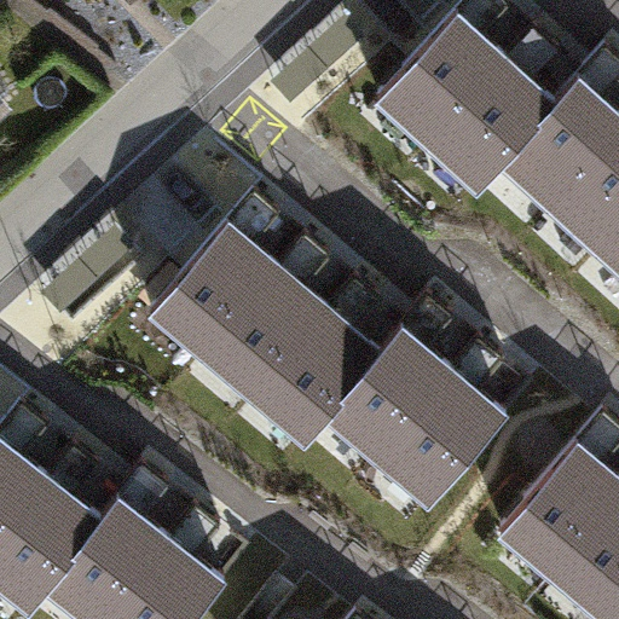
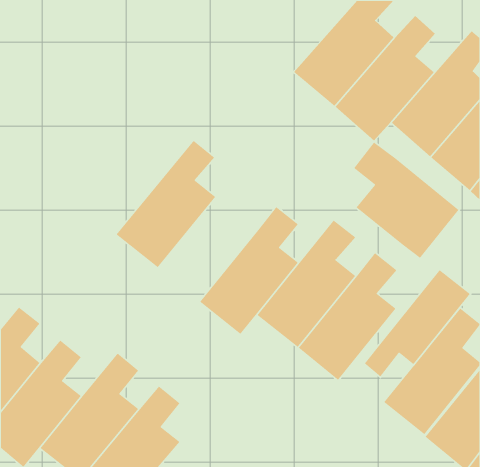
building: none -> [353,142,460,259]
building: [203,239,331,405] -> none
building: none -> [364,269,471,377]

